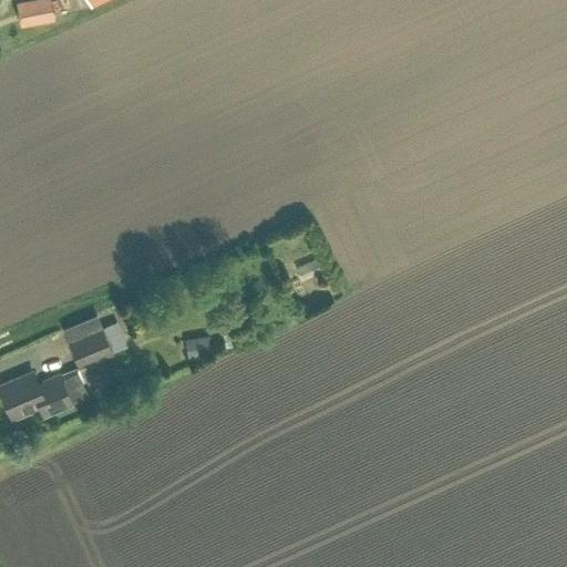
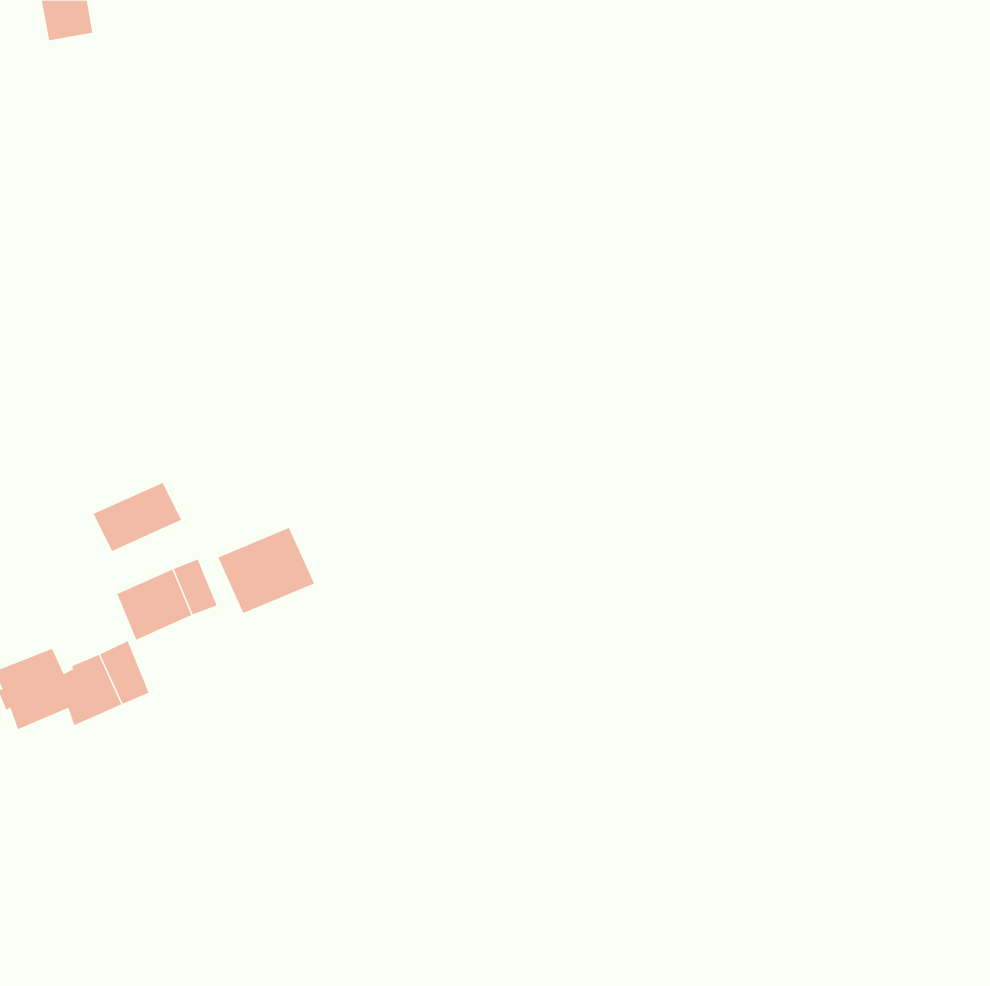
building: none -> [93,482,182,552]
building: none -> [218,527,315,614]

